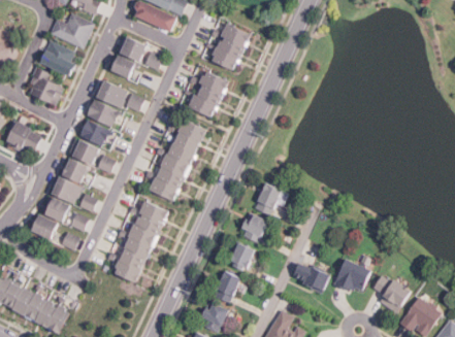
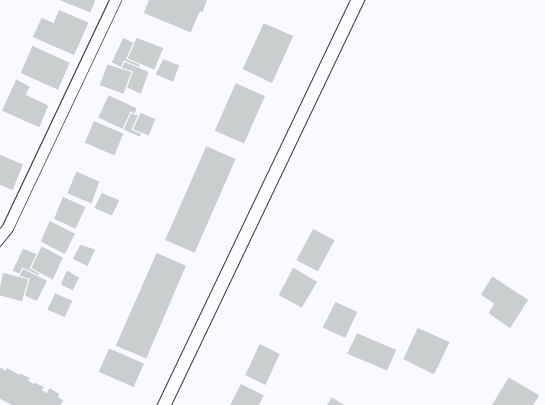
building: [82,117,109,144] -> none
building: [227,242,255,271] -> [322,301,358,339]
building: [372,272,411,313] -> [480,276,529,329]
building: none -> [98,348,145,388]

